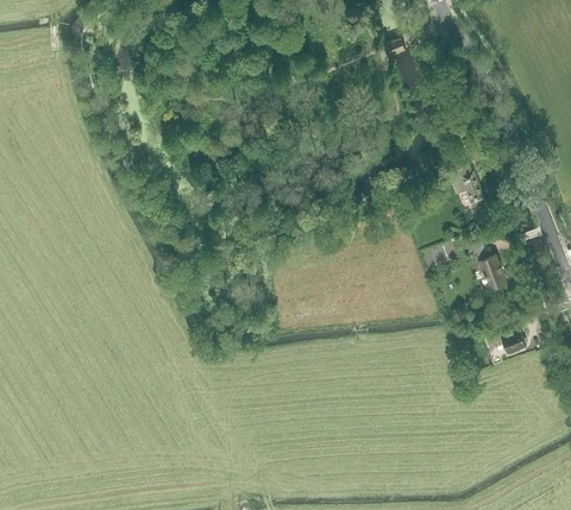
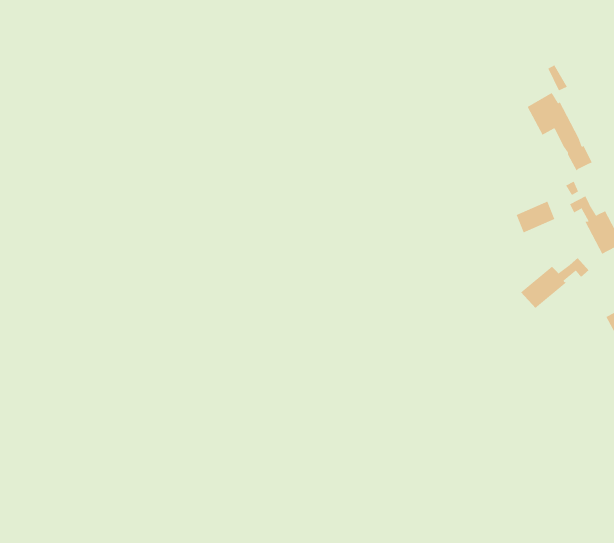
building: none -> [520,257,589,309]

